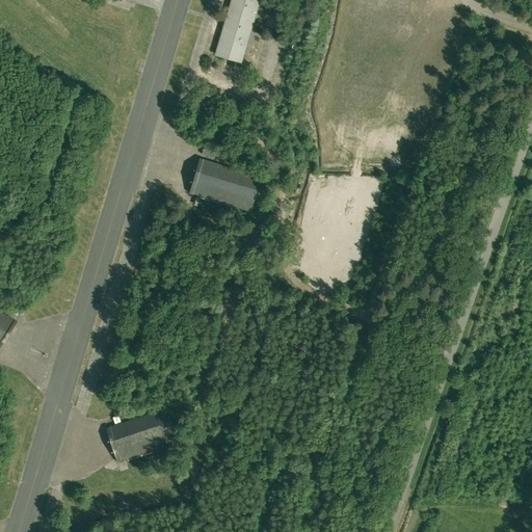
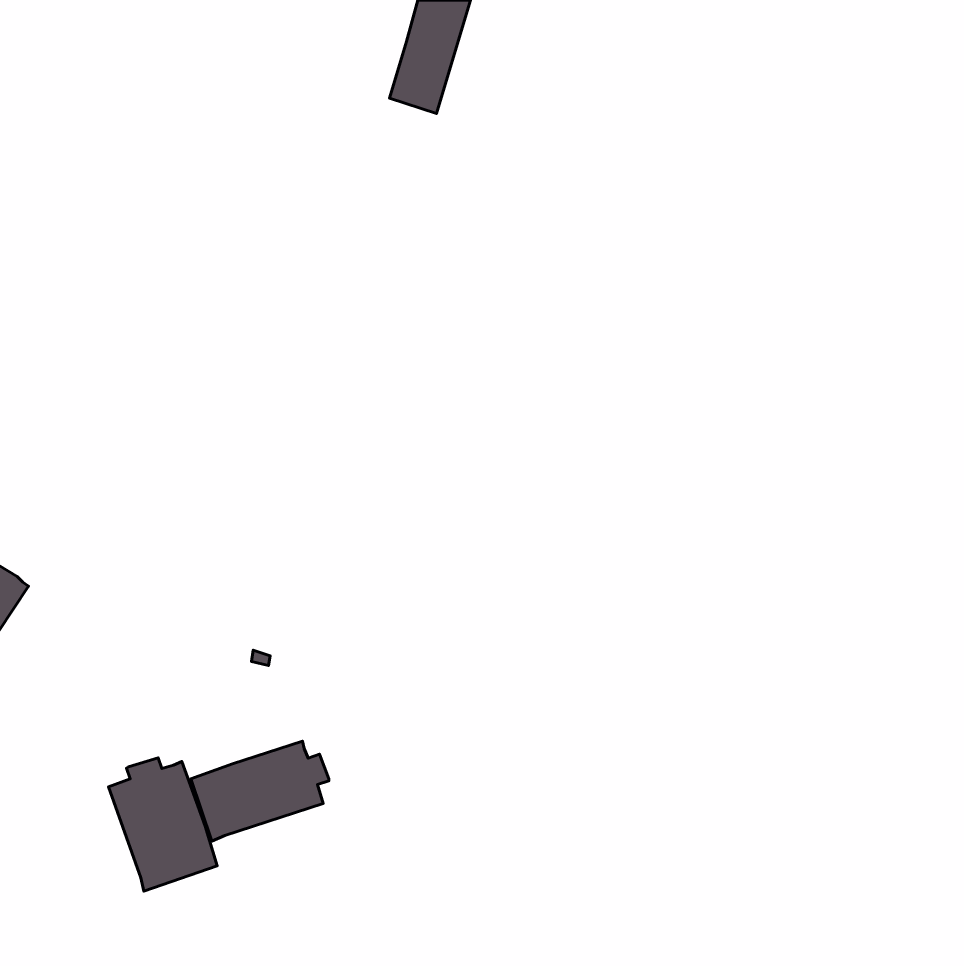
building: [188,158,264,211] -> none
building: none -> [108,758,217,891]

